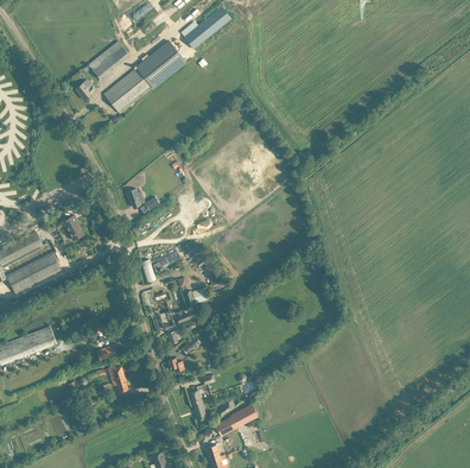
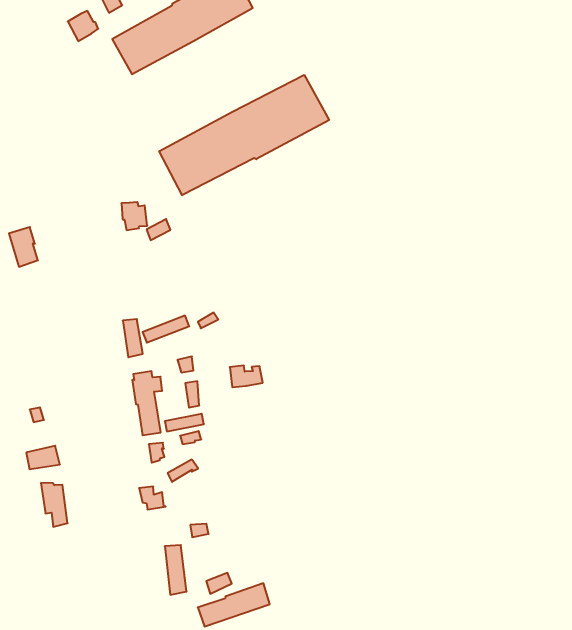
building: none -> [159,75,329,195]

